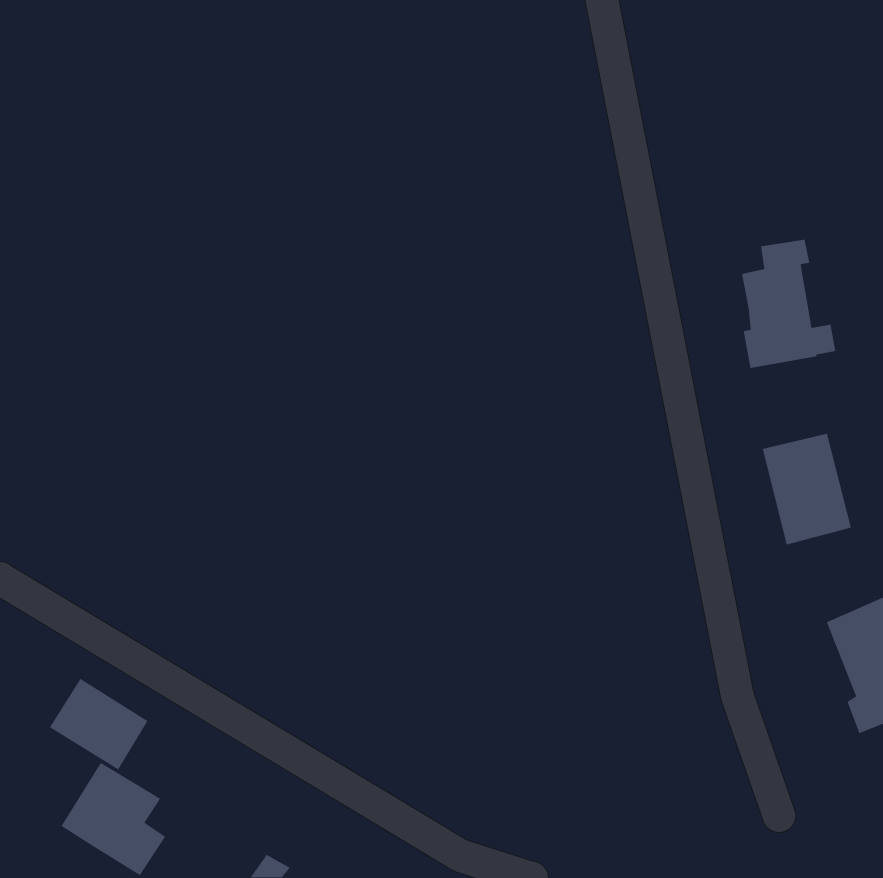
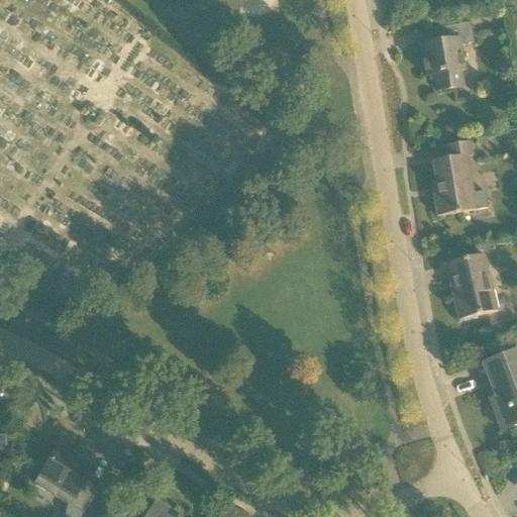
building: none -> [421,21,475,89]
building: [49,678,149,771] -> none

